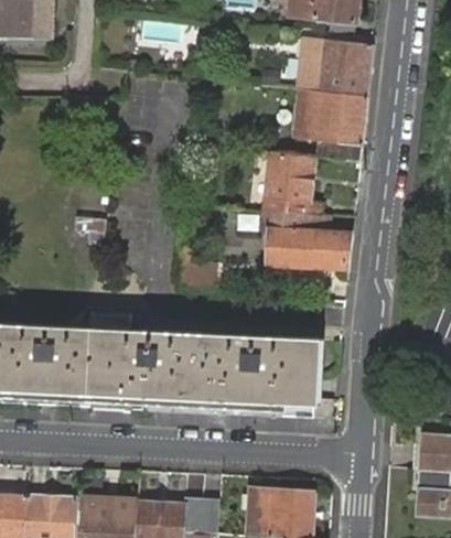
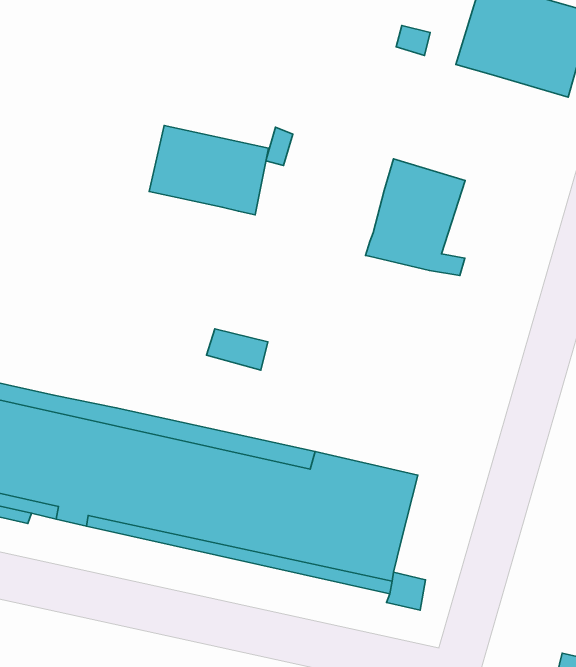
building: [291,88,367,162] -> none
building: none -> [149,125,268,215]
building: [264,212,352,267] -> none

